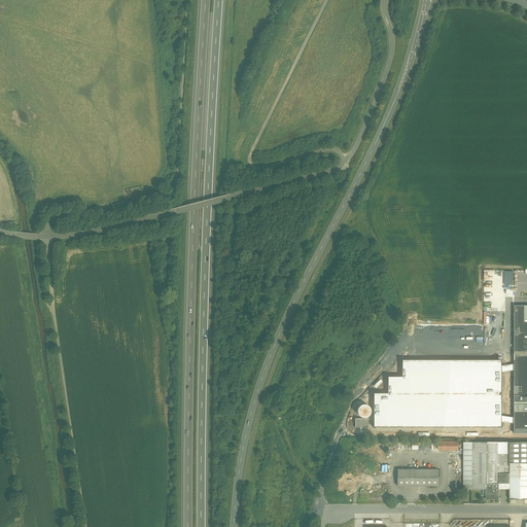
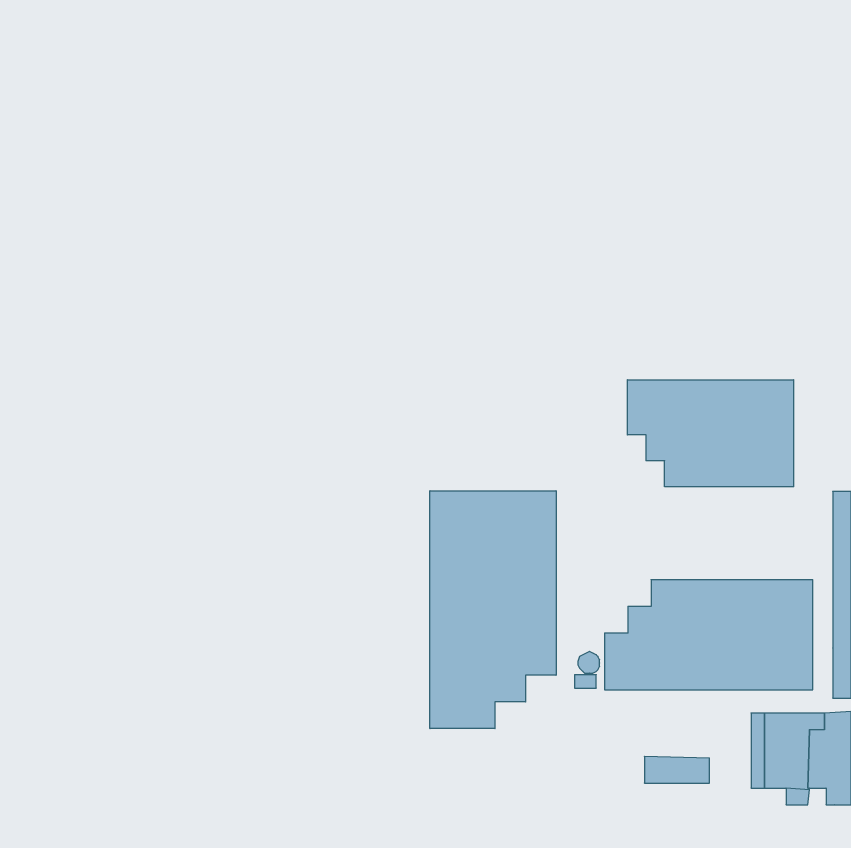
building: none -> [627,380,794,487]
building: none -> [430,491,556,729]

